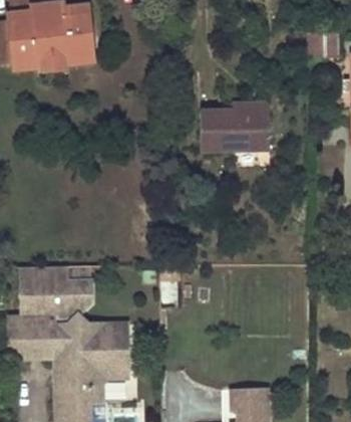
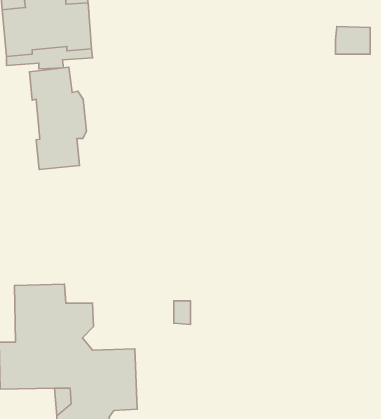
building: none -> [29,67,87,169]
building: [201,98,271,149] -> none

